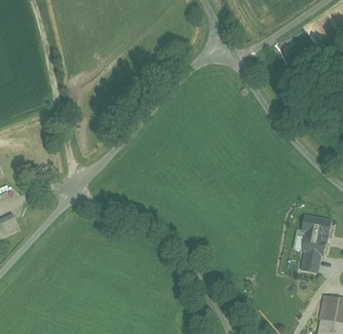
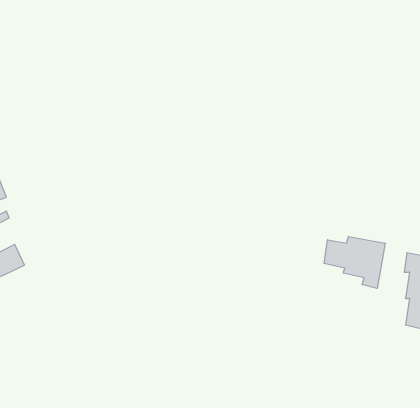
building: none -> [324,236,385,288]

